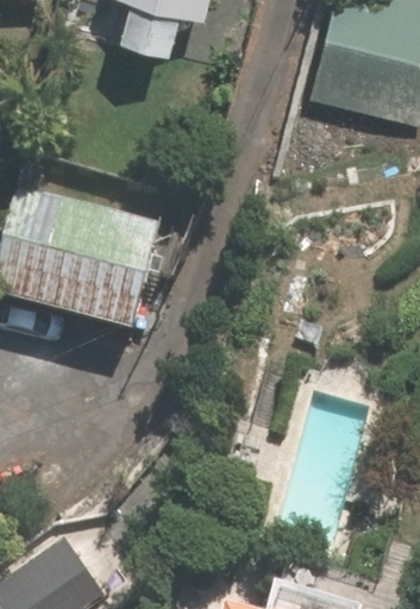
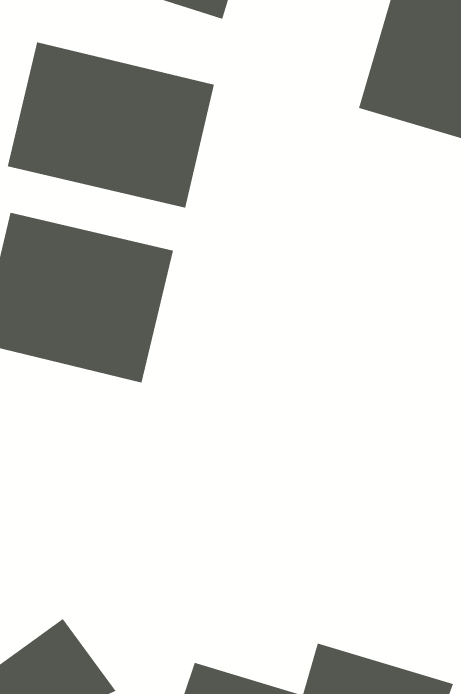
building: none -> [7,41,215,208]

